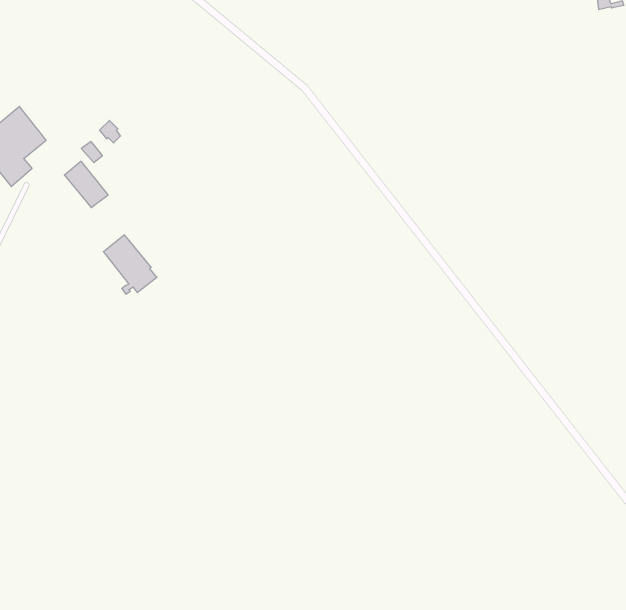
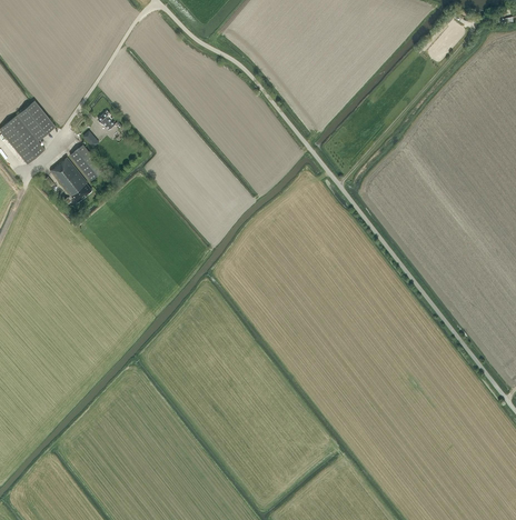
building: [103,235,157,294] -> [49,157,91,203]

